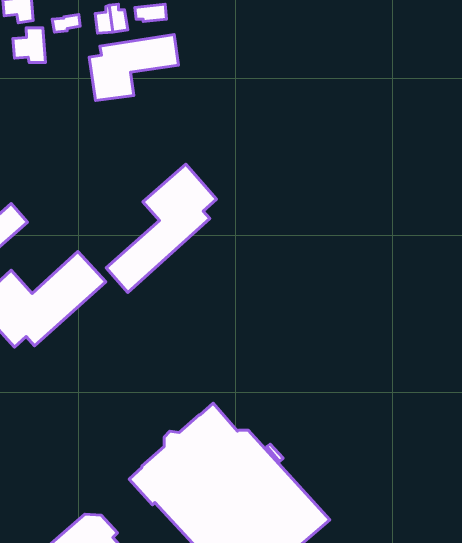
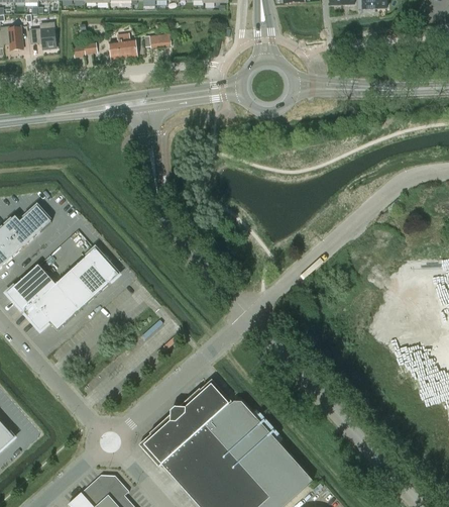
building: [13,28,45,63] -> none
building: [89,35,178,101] -> none
building: [106,164,217,293] -> none

